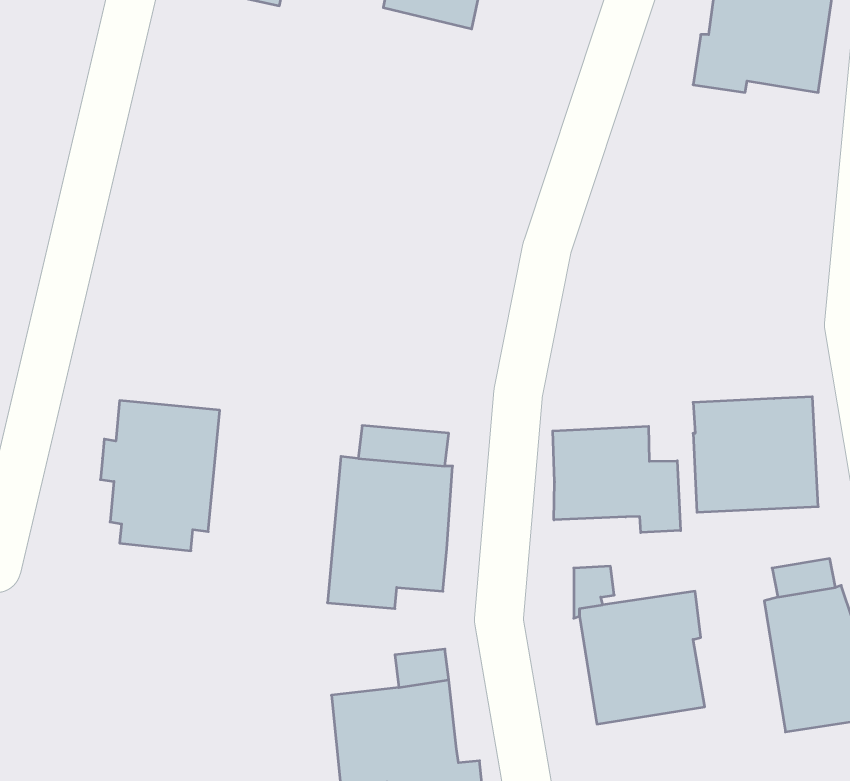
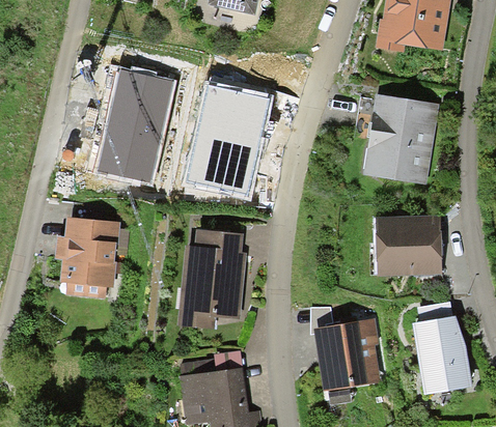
building: none -> [99,68,172,179]
building: none -> [188,85,267,191]
building: none -> [362,93,439,184]
building: [553,426,681,533] -> none

